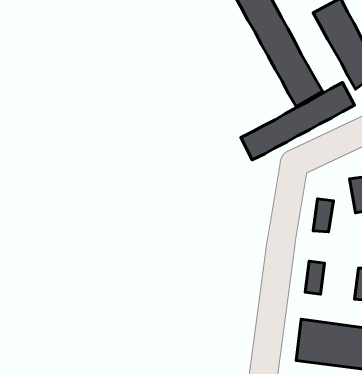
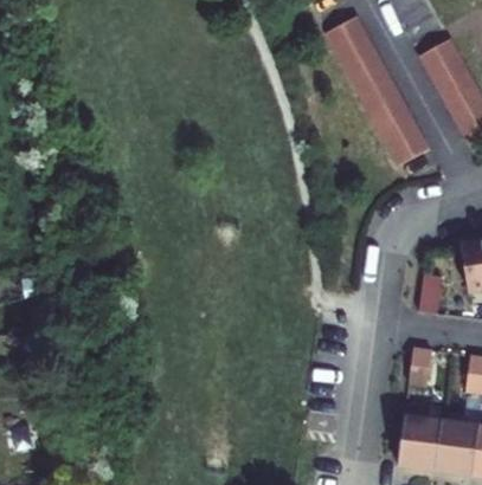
building: [241,82,355,160] -> none

